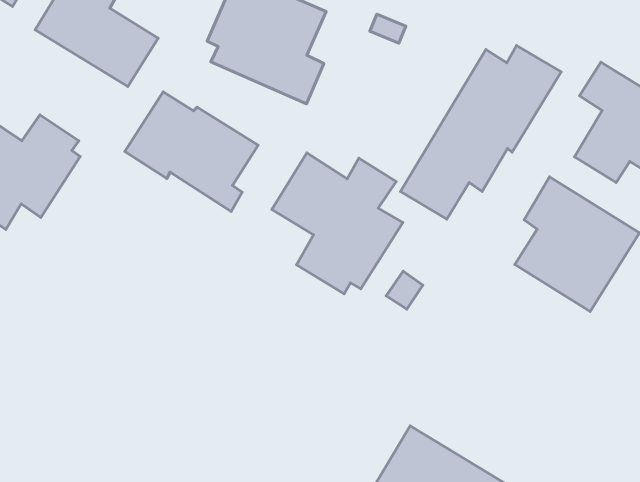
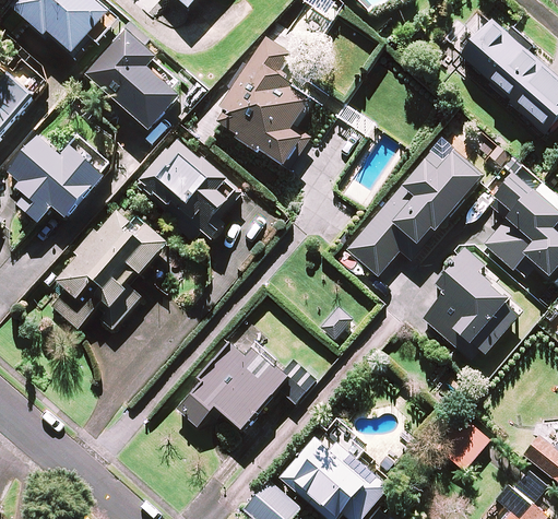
building: [272,153,403,294] -> none
building: none -> [48,207,167,328]
building: none -> [176,340,316,428]
building: none -> [441,418,489,468]

